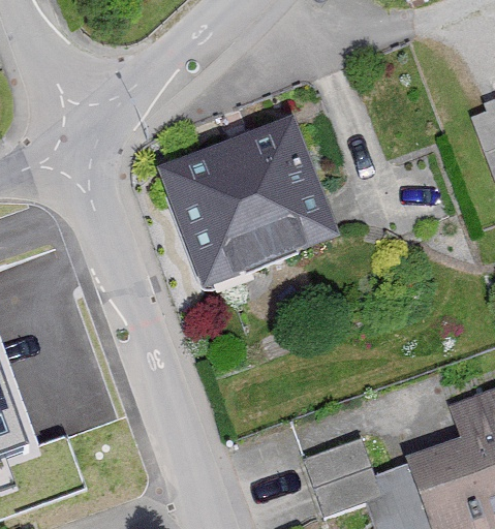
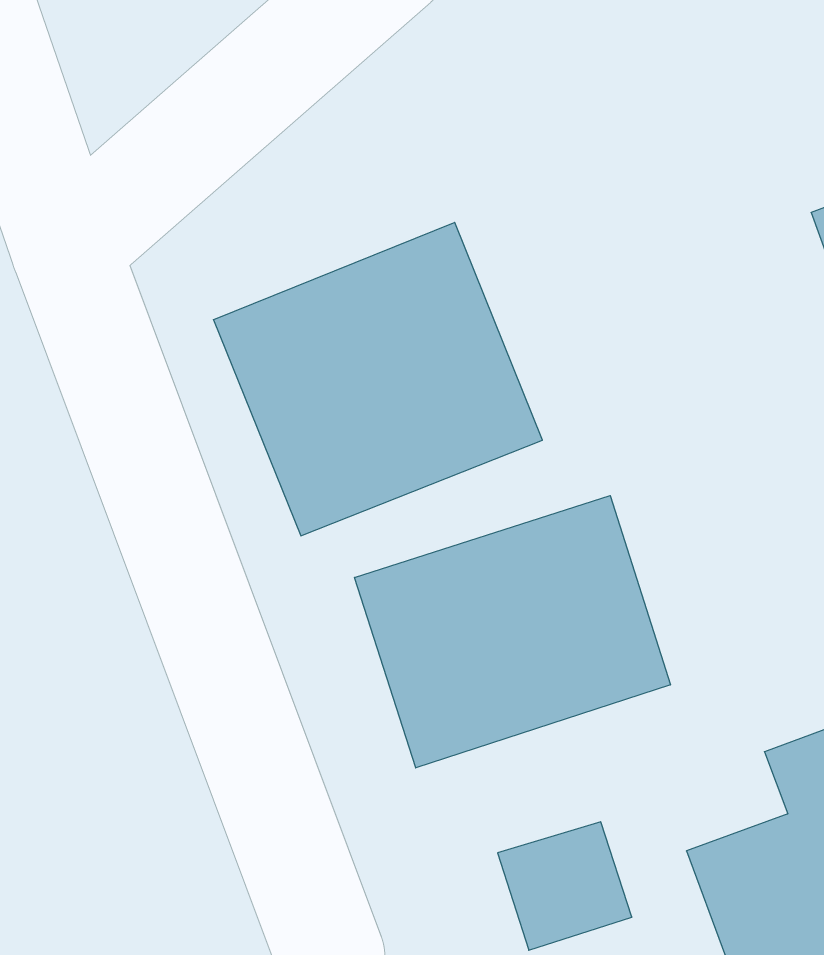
building: none -> [355,496,670,768]

